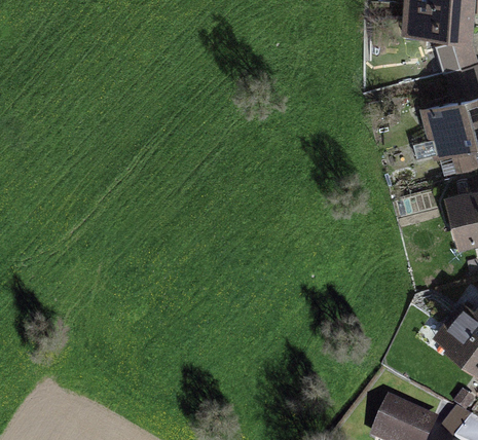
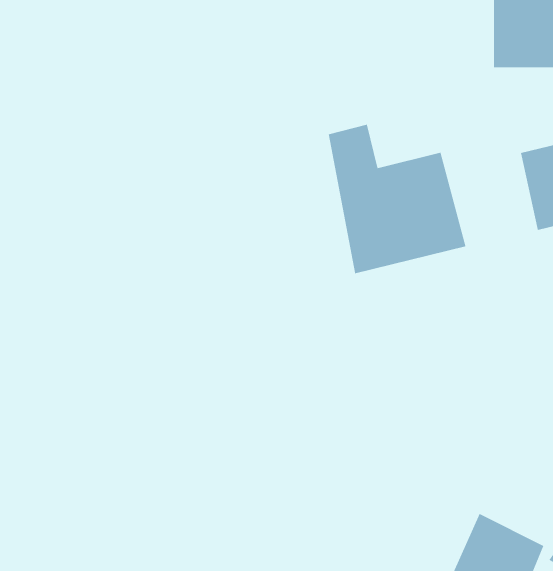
building: none -> [328,124,466,274]

